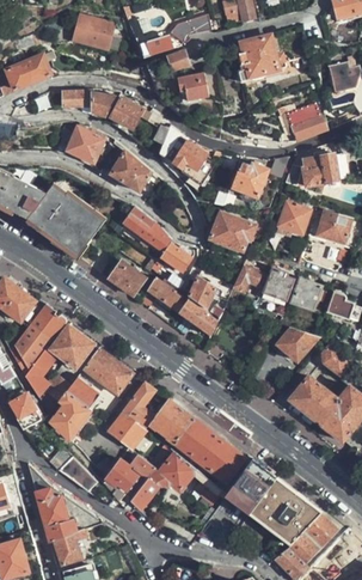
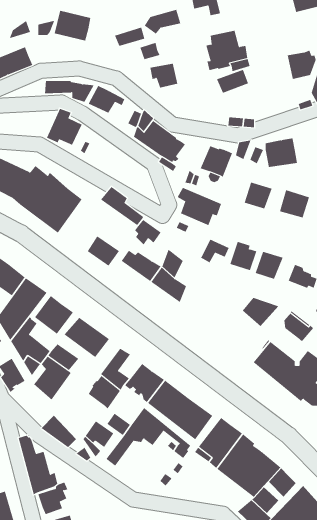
building: [290,115,326,141] -> [216,69,249,94]
building: [110,152,151,191] -> none

